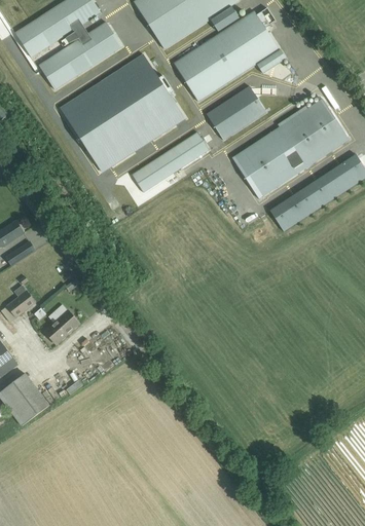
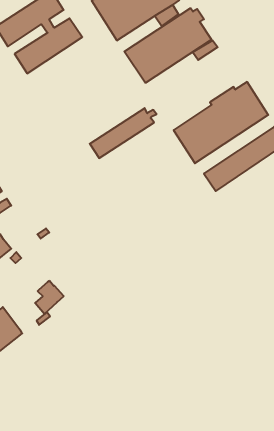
building: [60,53,183,171] -> none
building: [206,86,266,140] -> none
building: [44,304,79,344] -> [35,281,64,314]

